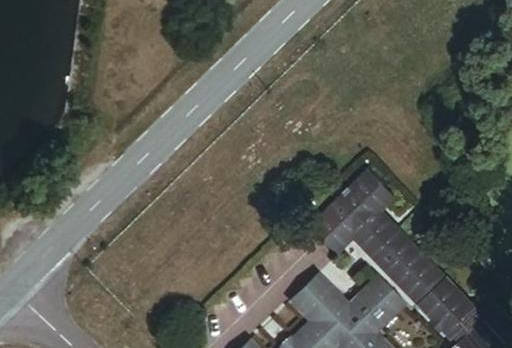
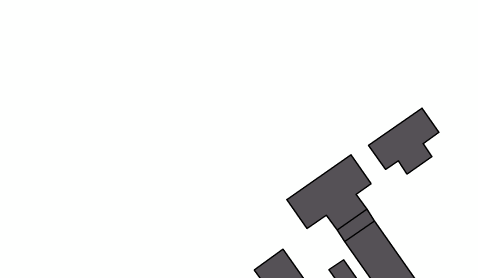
building: none -> [369,108,439,174]

